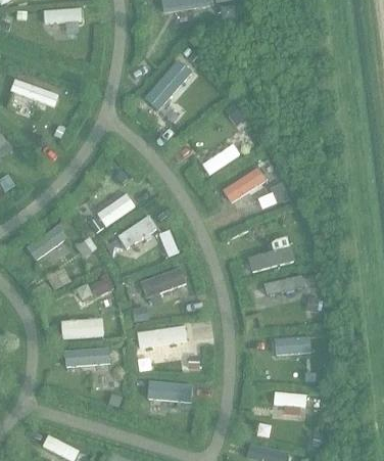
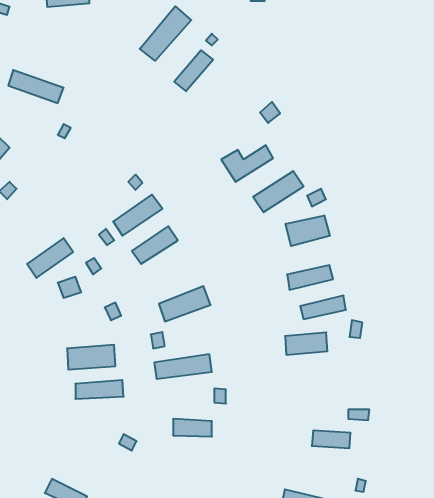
building: none -> [140,6,191,61]
building: none -> [286,215,330,246]
building: [275,336,311,356] -> [285,332,327,355]

